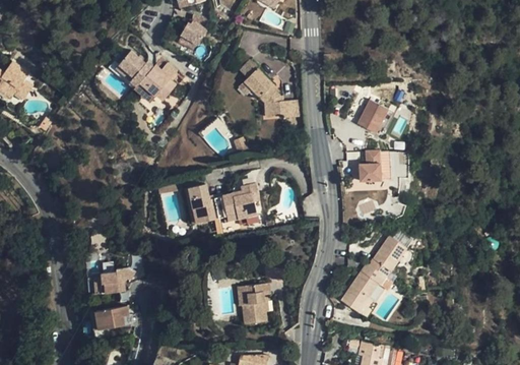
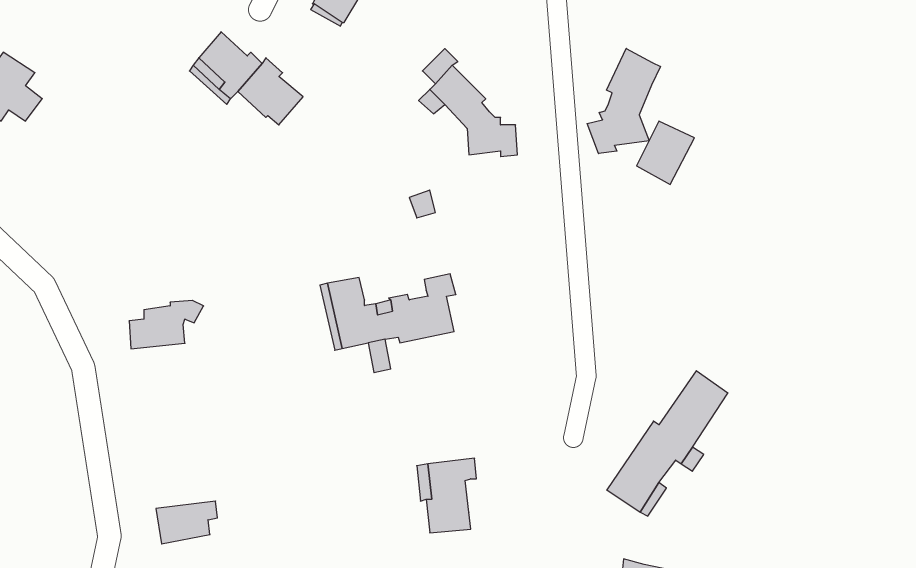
building: none -> [587,48,660,154]
building: [360,150,382,181] -> none
building: [94,267,135,294] -> [129,300,204,349]

